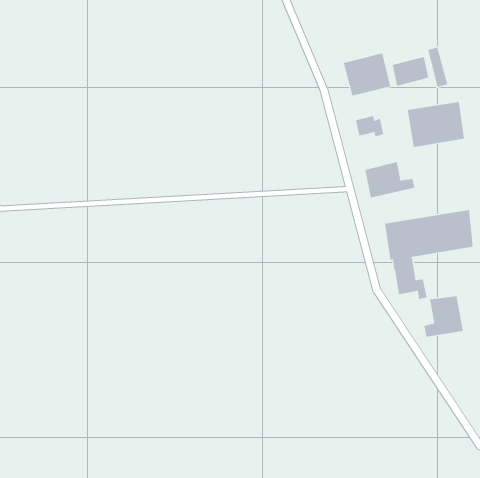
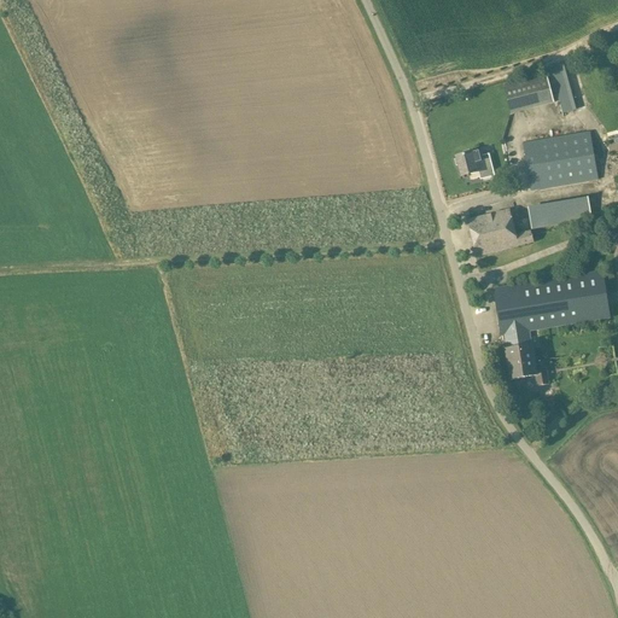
building: [343,52,391,96] -> none
building: none -> [527,197,587,227]
building: [424,295,463,338] -> none

